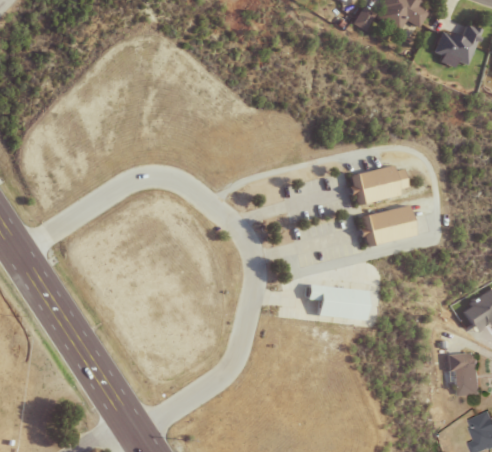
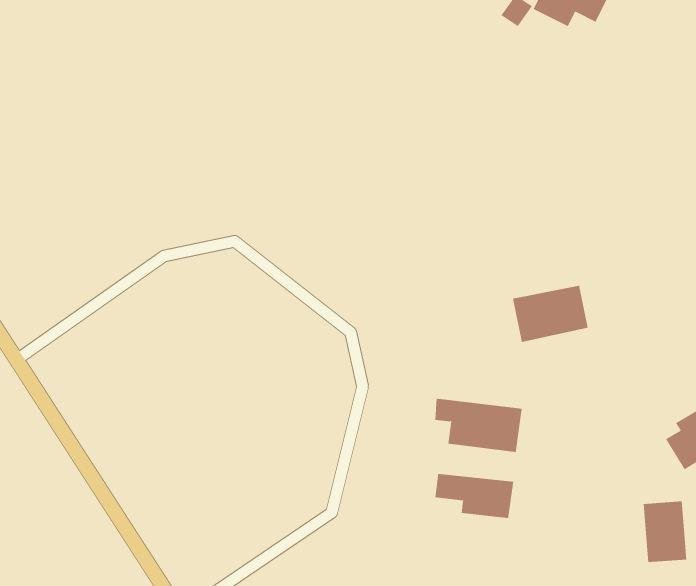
building: [434,23,480,64] -> none
building: [348,165,406,204] -> none
building: none -> [435,473,514,519]

